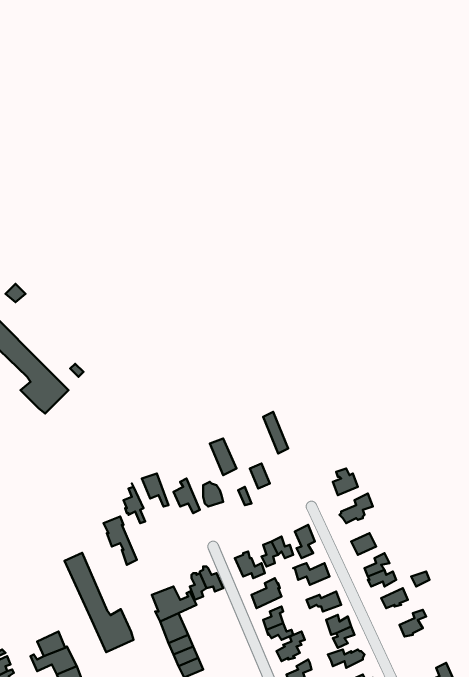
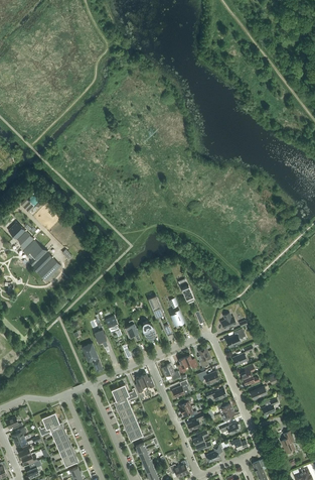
building: [65,553,133,652] -> none

